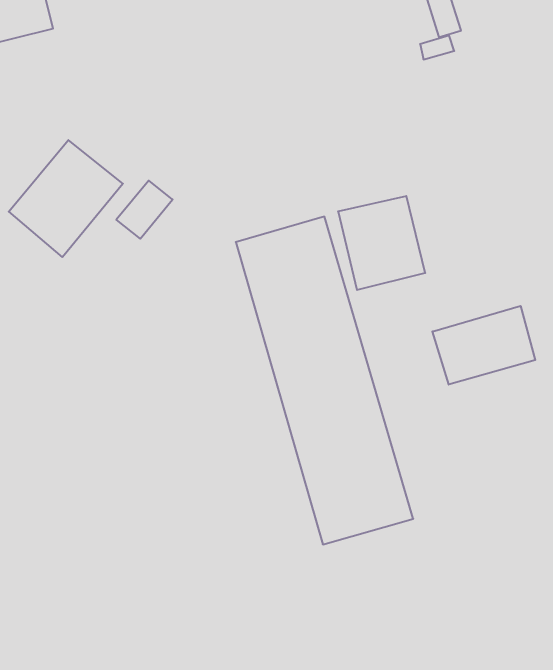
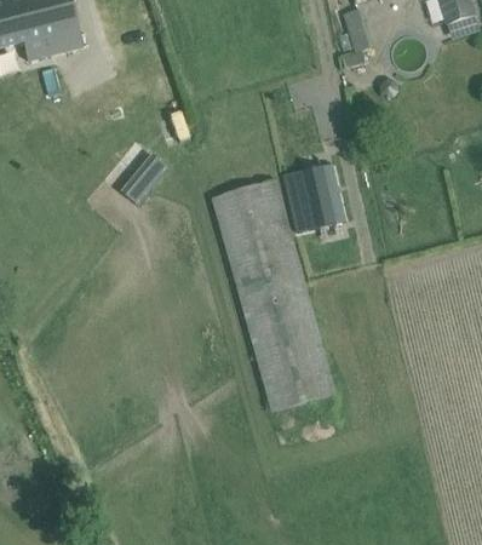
building: [9,140,123,257] -> none
building: [432,306,535,385] -> none

